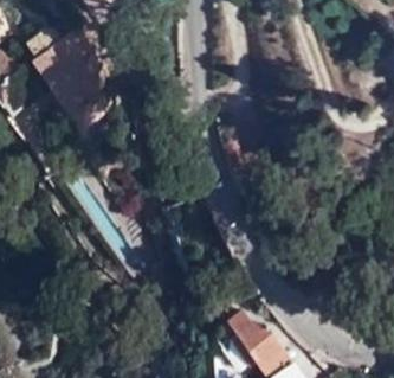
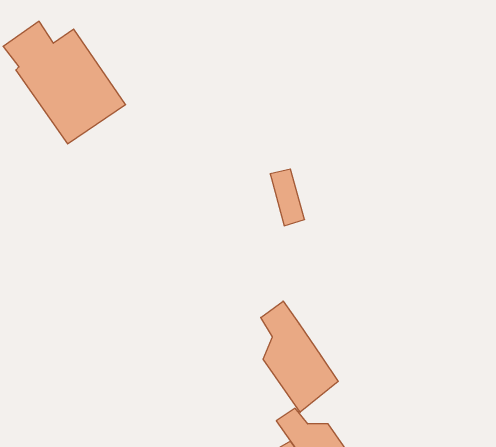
building: none -> [261,301,338,412]

